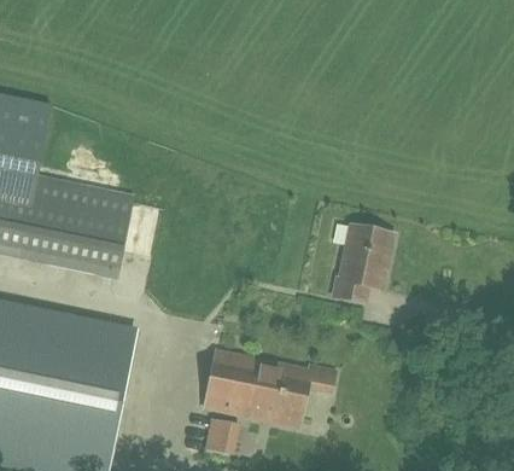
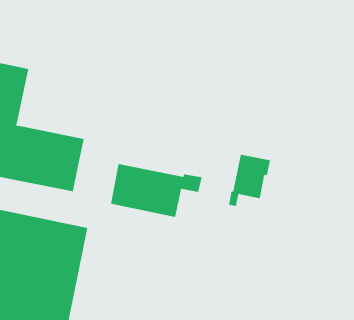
building: [205,350,335,426] -> [110,164,202,217]
building: [204,417,239,453] -> none

